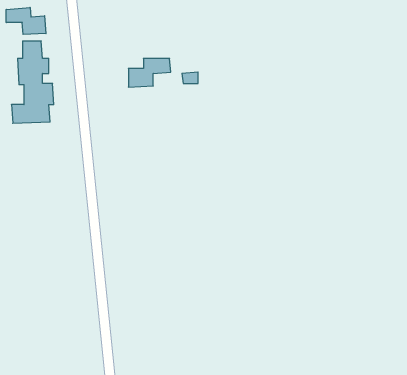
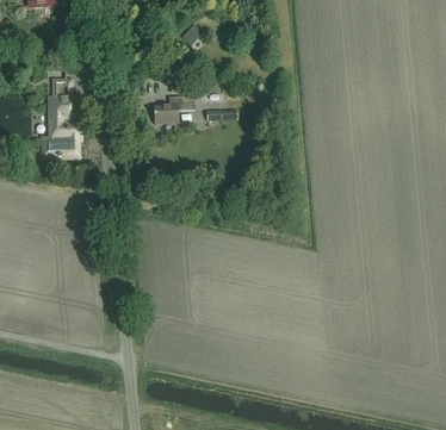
building: [6,7,46,34] -> none

